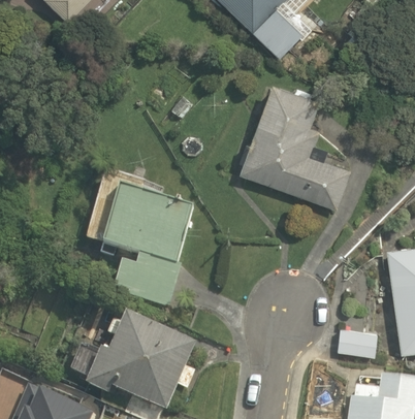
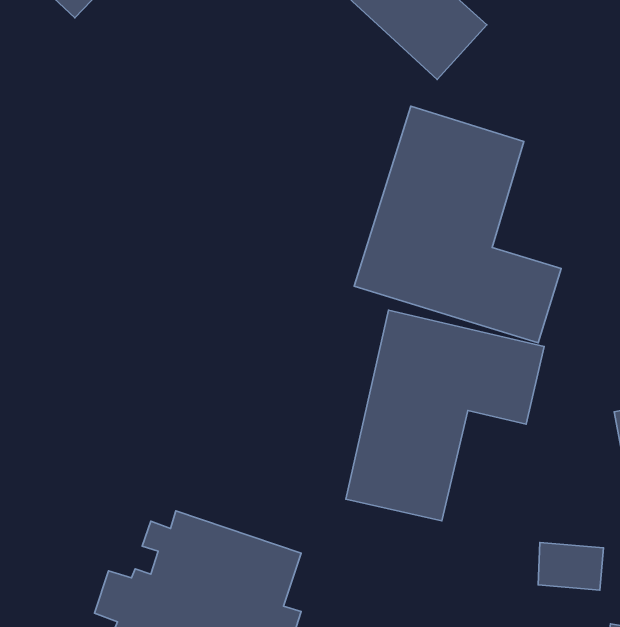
building: [74,178,198,308] -> none
building: none -> [346,310,544,521]

